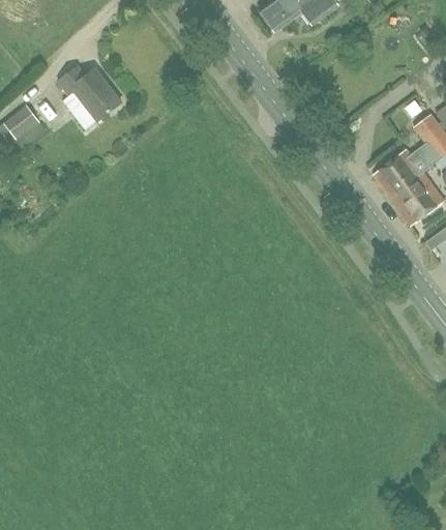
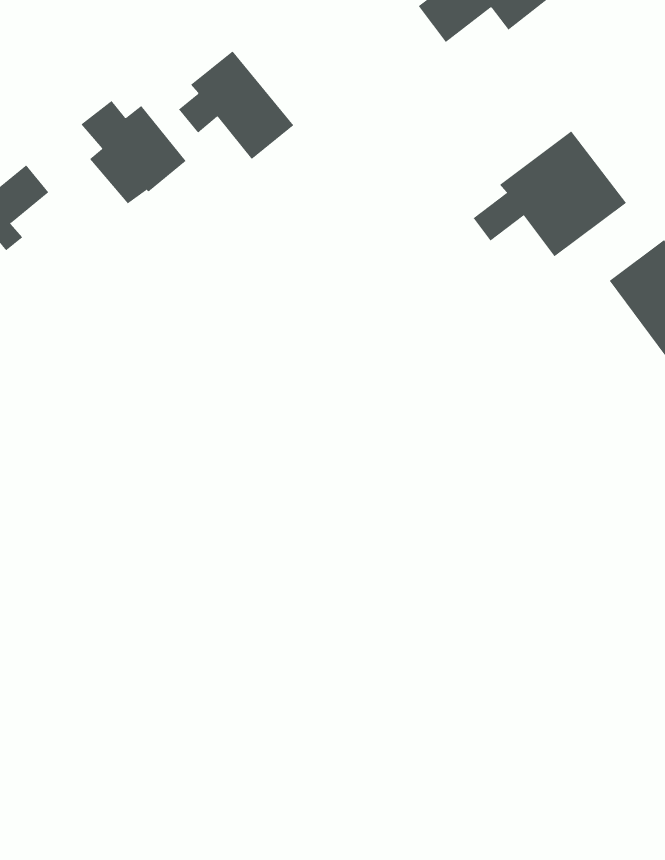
building: none -> [178,50,294,160]
building: none -> [473,131,627,257]

